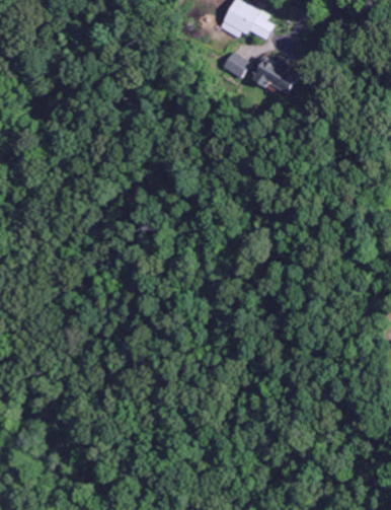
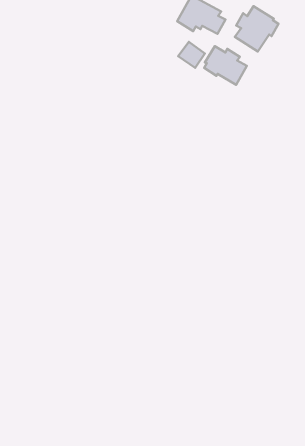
building: none -> [235,6,278,52]

